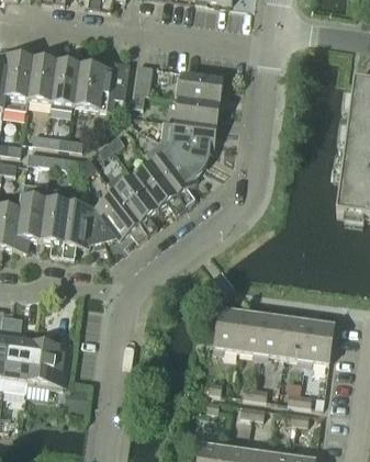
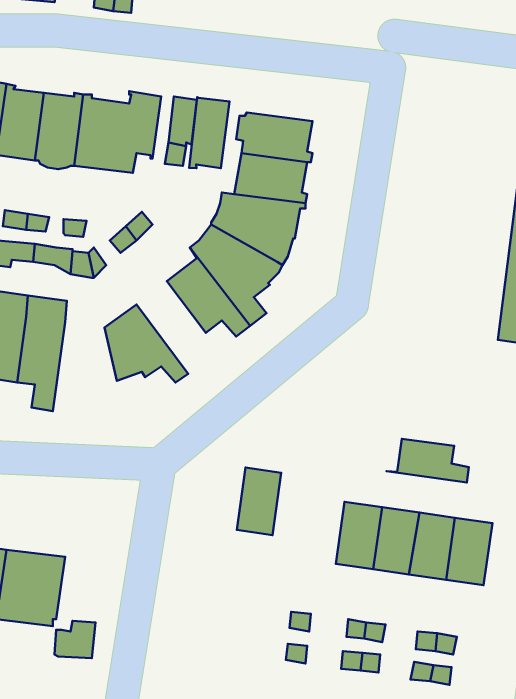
building: none -> [189,97,229,168]
building: [114,174,157,232] -> none
building: [63,200,102,256] -> none
building: none -> [387,439,469,483]
building: [215,307,243,349] -> [237,468,281,535]

